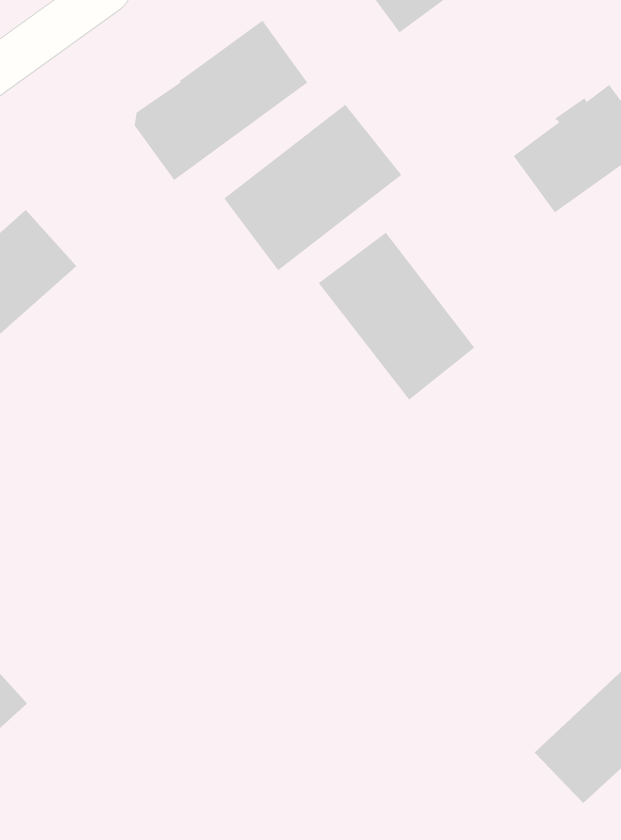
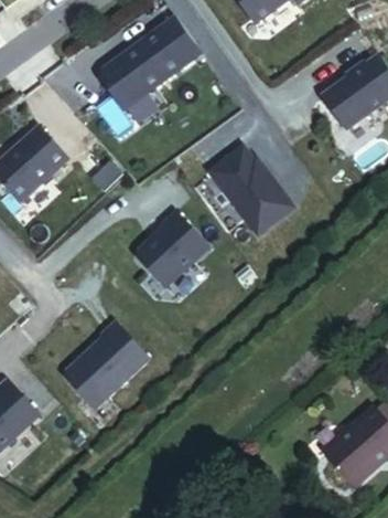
building: [223,104,402,271] -> none
building: none -> [132,213,207,289]
building: none -> [61,323,148,410]

